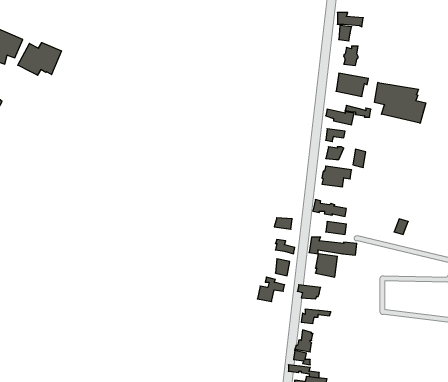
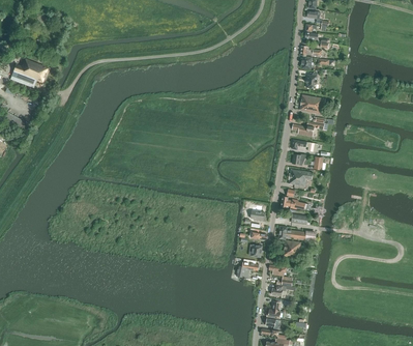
building: [18,43,61,75] -> none
building: [375,82,426,123] -> none

